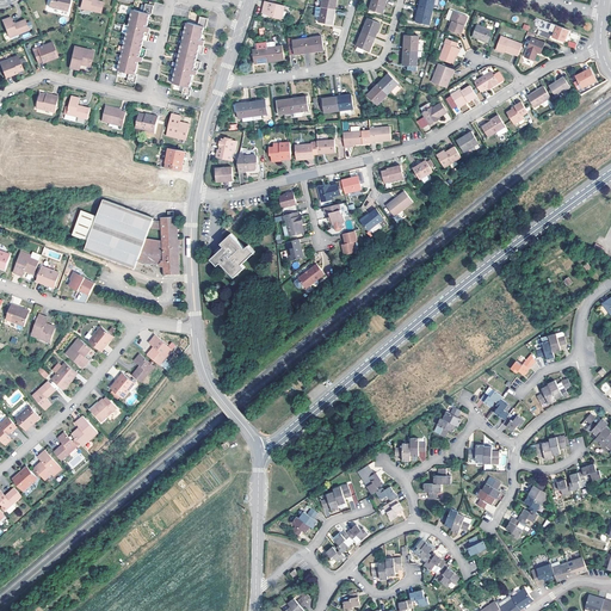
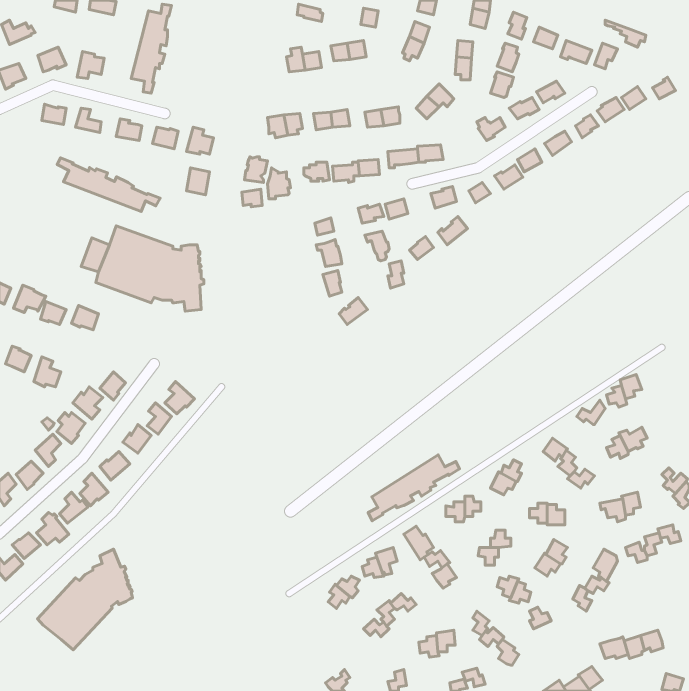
building: [169,16,204,95] -> none
building: none -> [57,158,160,211]
building: [211,234,253,277] -> none
building: none -> [368,455,459,521]
building: none -> [37,549,132,650]

